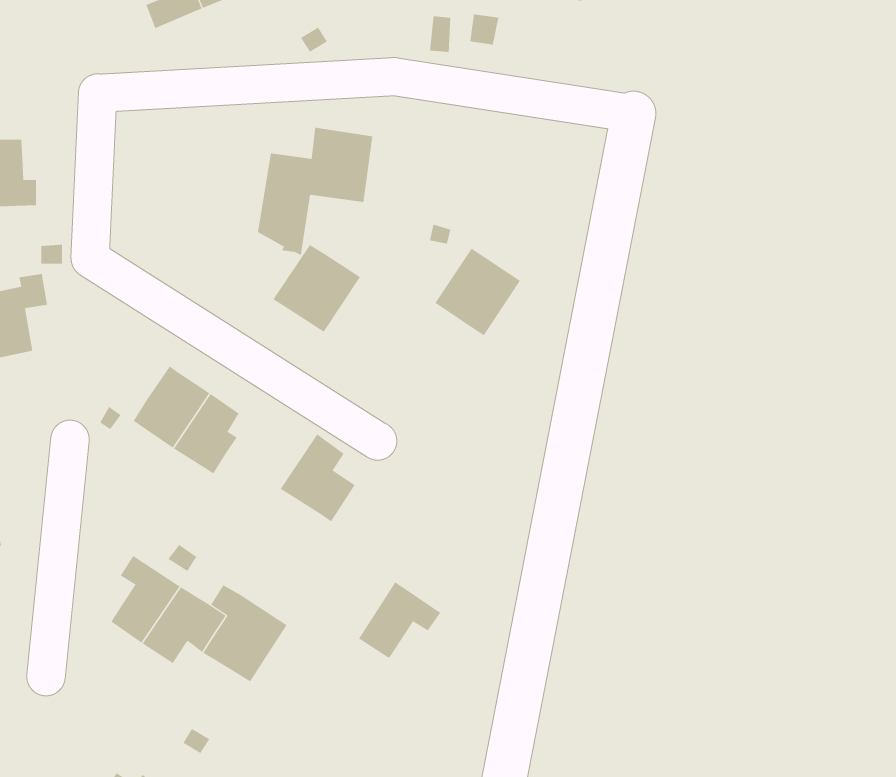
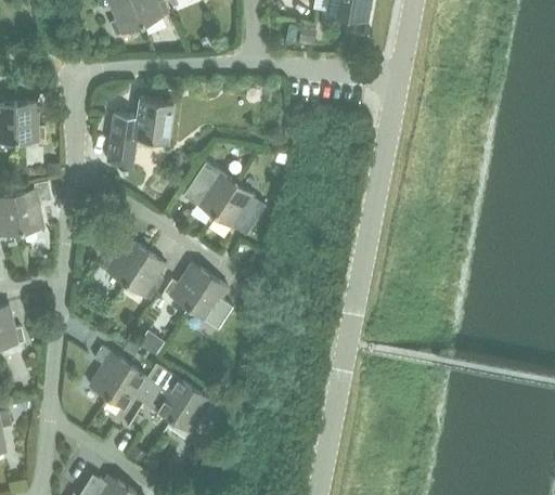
building: [257,127,373,256] -> [104,97,172,173]
building: [434,248,521,336] -> [214,183,264,235]
building: none -> [164,263,209,308]
building: [358,582,441,659] -> [170,388,219,433]

